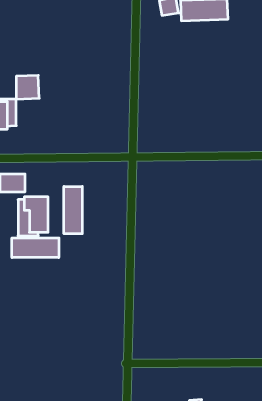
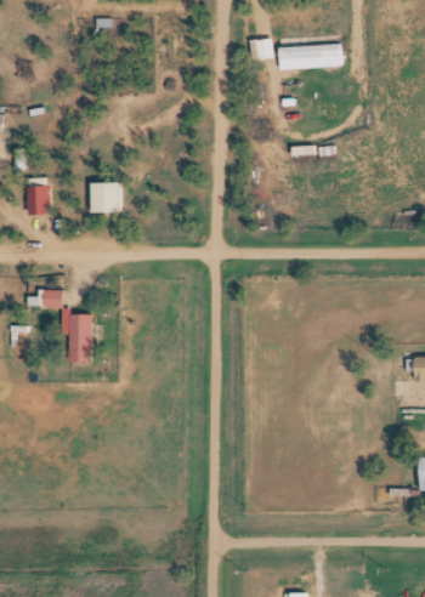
building: [16,75,39,99] -> [91,182,123,215]
building: [64,186,82,234] -> none
building: [12,238,59,258] -> none

